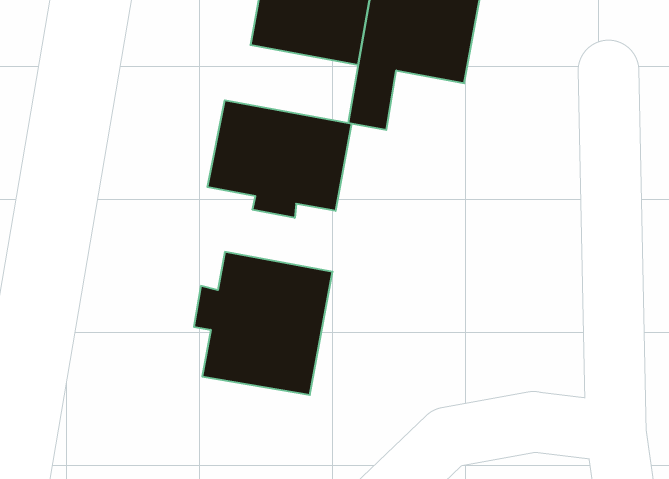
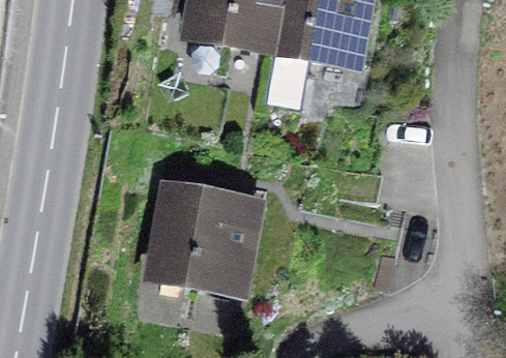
building: [207,100,352,218] -> none

